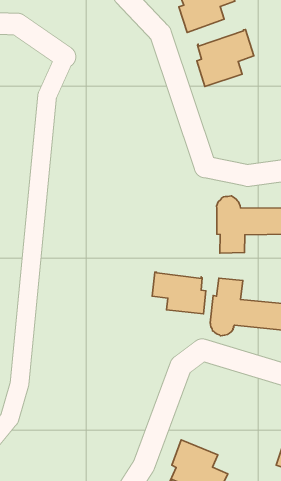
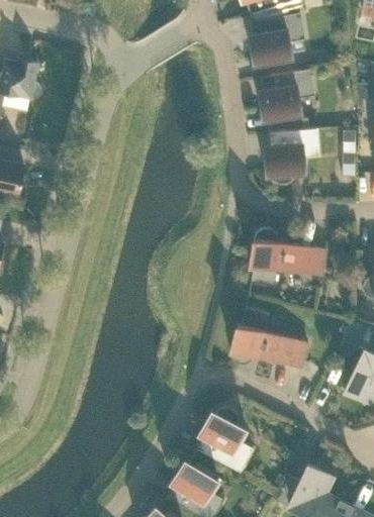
building: none -> [265,128,321,185]
building: [152,272,206,314] -> none
building: none -> [197,407,255,474]

